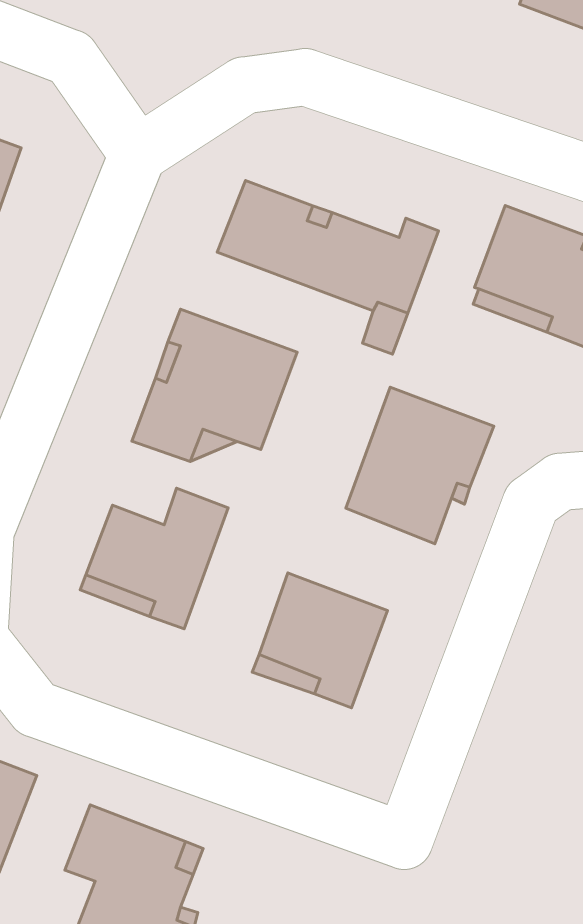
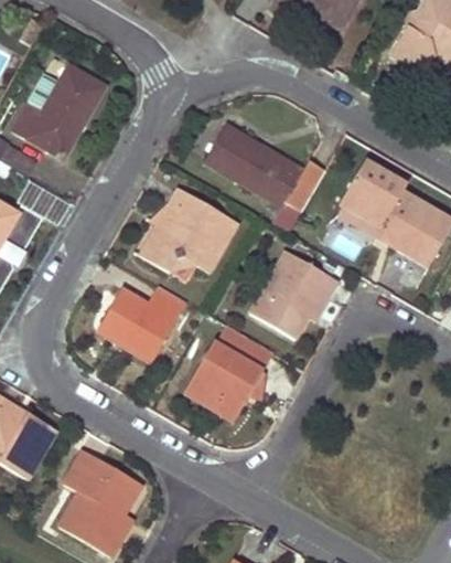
building: none -> [215,323,273,371]

